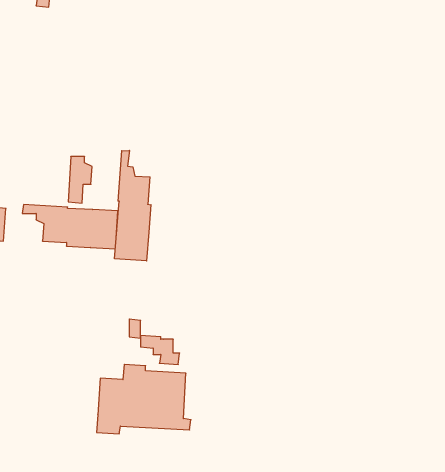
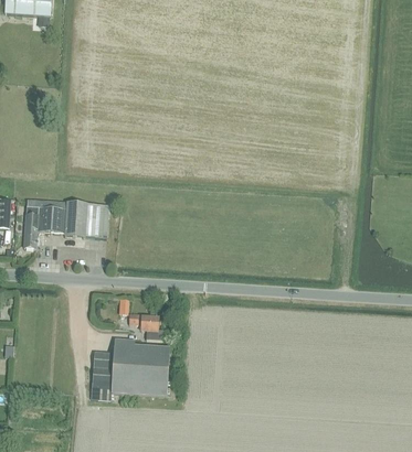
building: [115,150,151,261] -> none
building: [68,157,92,203] -> [23,207,44,248]

